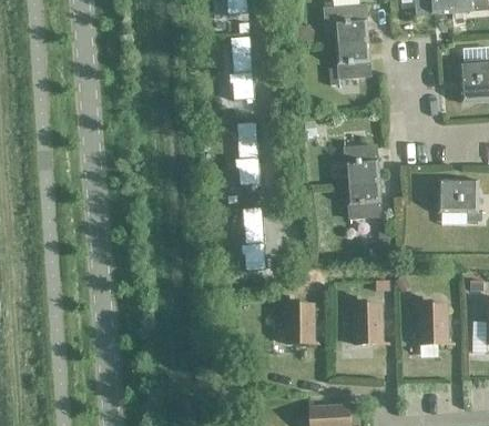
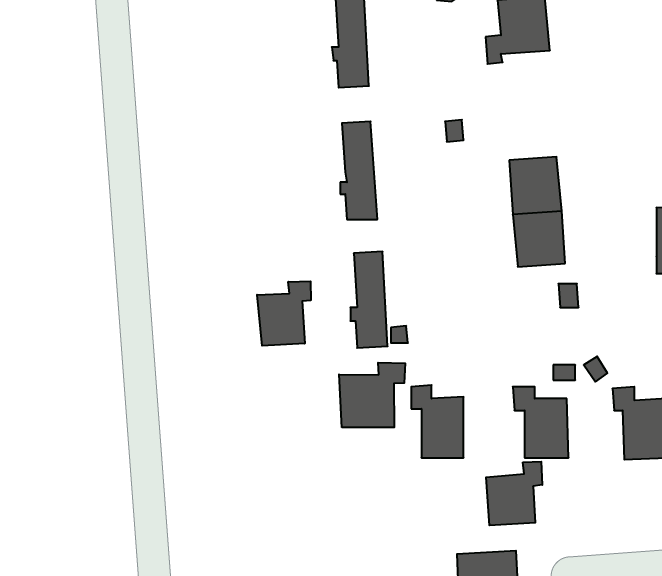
building: none -> [257,281,311,346]
building: none -> [339,363,405,427]
building: none -> [486,462,542,525]

